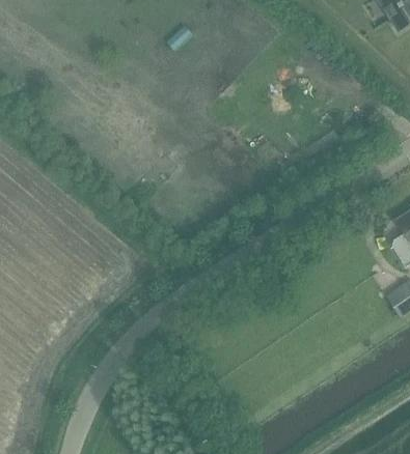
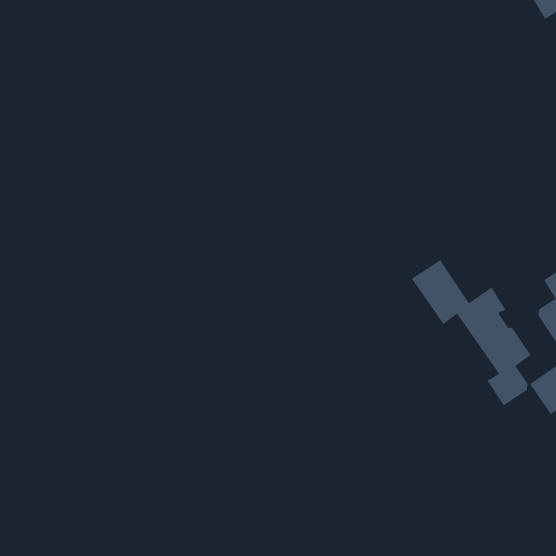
building: none -> [411,259,531,407]

